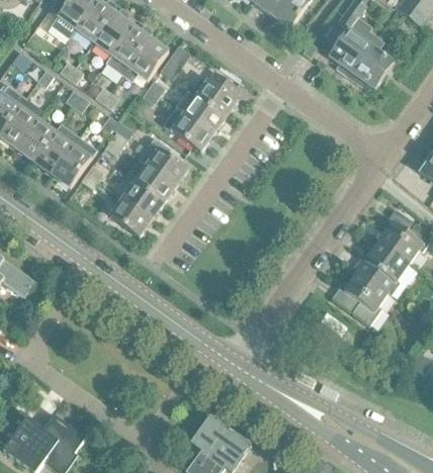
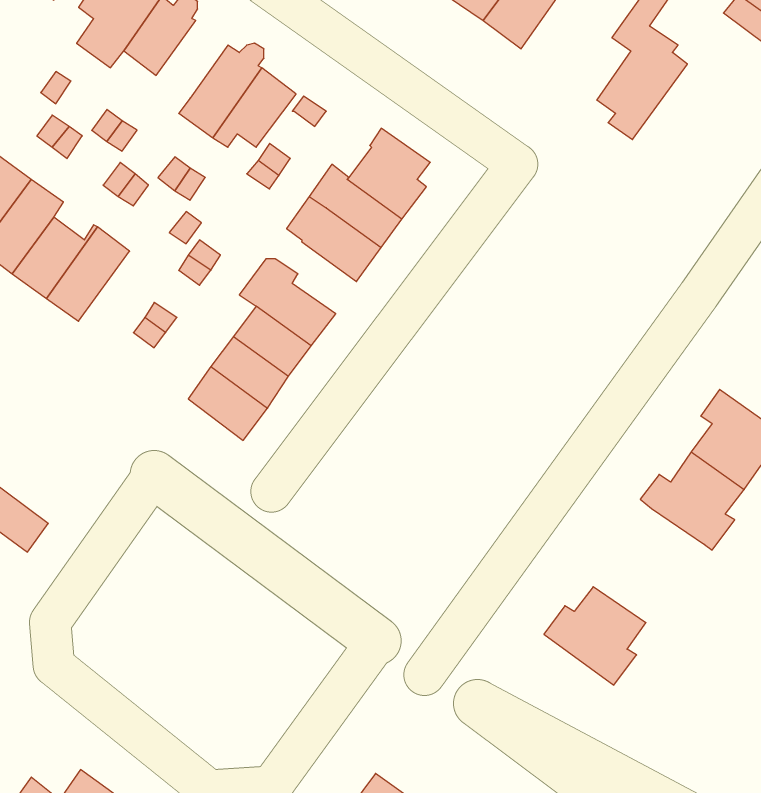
building: [93,8,132,55] -> none
building: [348,36,394,89] -> none
building: [52,136,97,187] -> none
building: [332,274,386,326] -> [544,587,646,685]

